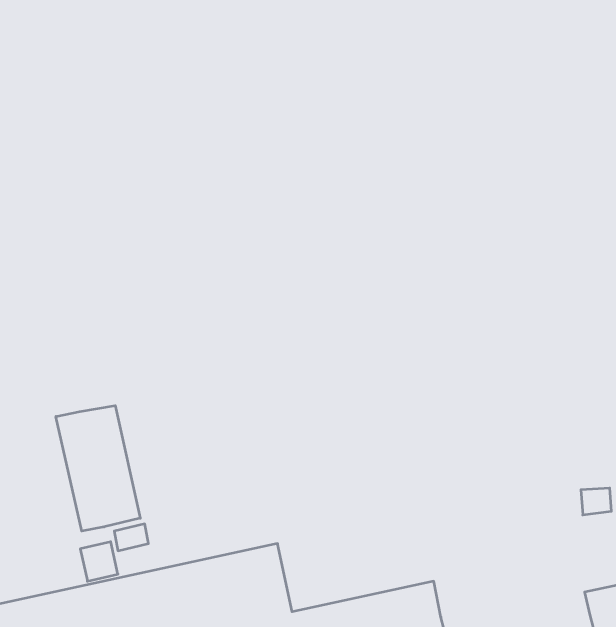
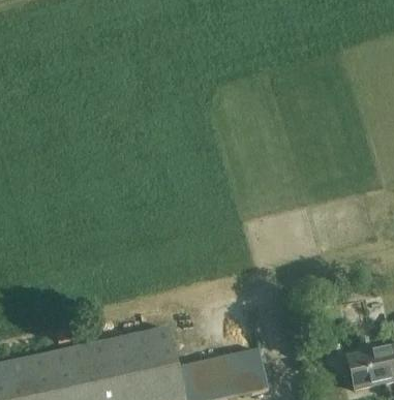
building: [56,406,140,531] -> none

